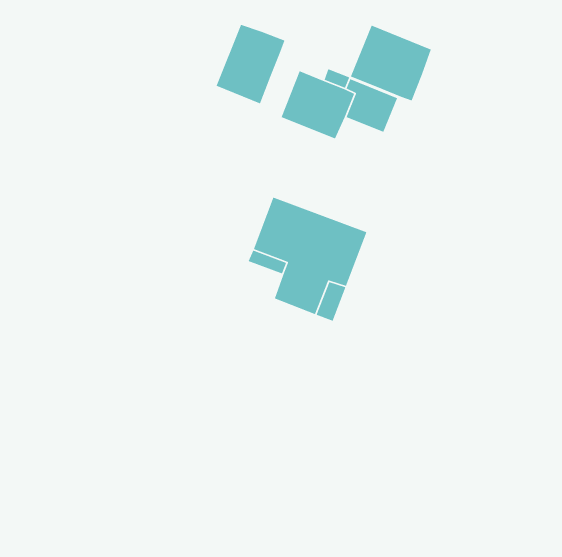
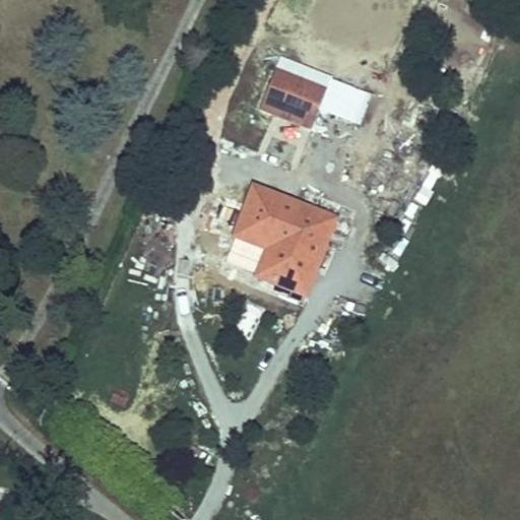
building: [216,24,285,104] -> none
building: [350,25,432,101] -> none

